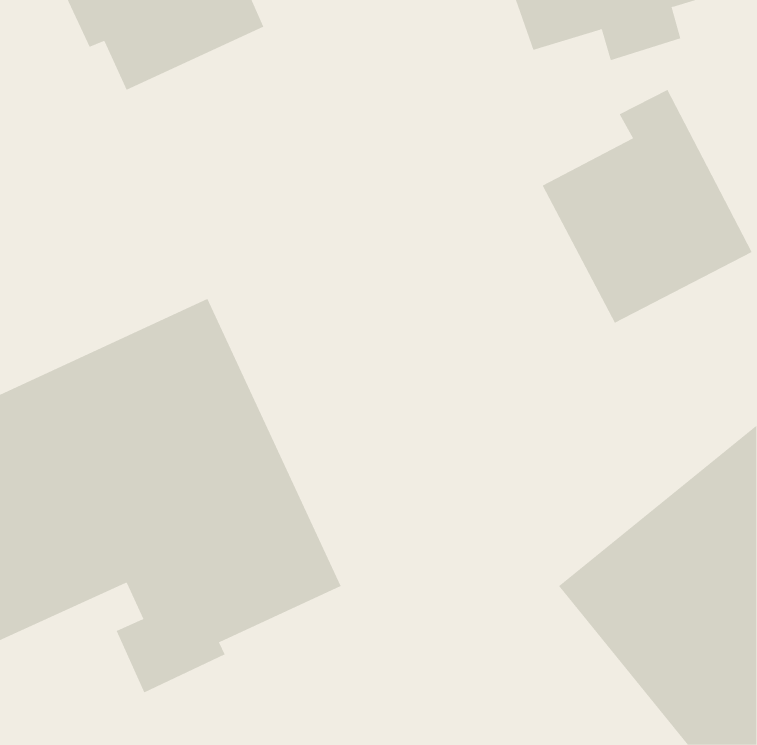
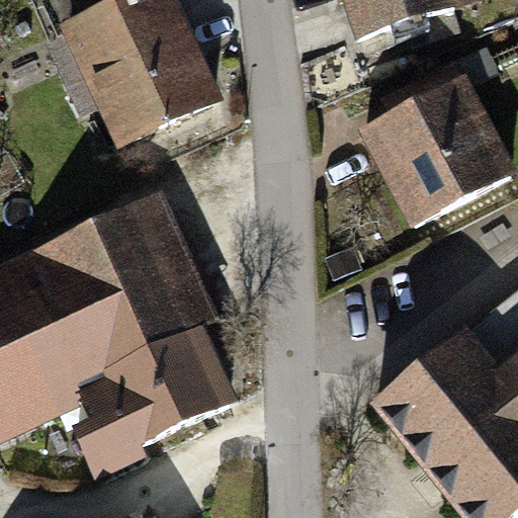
building: none -> [86,18,217,141]

